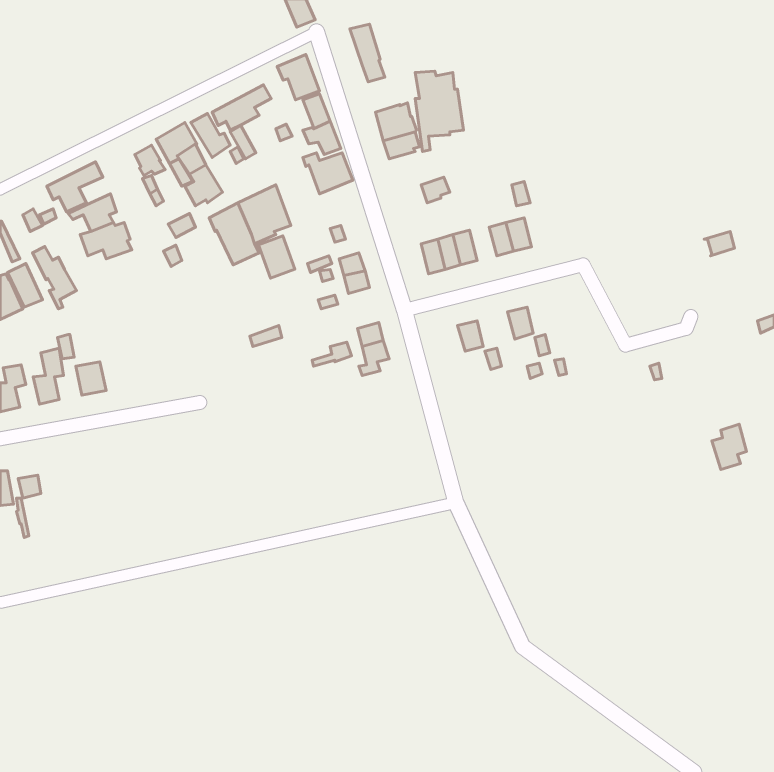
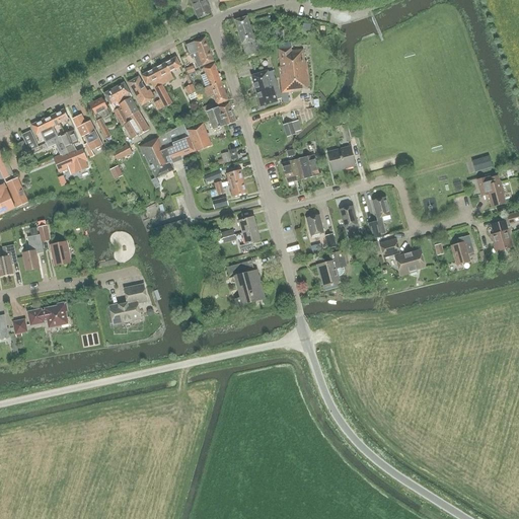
building: [259,236,295,278] -> [187,123,211,151]
building: [33,247,77,309] -> [73,115,102,156]
building: none -> [477,174,505,205]
building: none -> [368,197,390,238]
building: none -> [491,221,511,251]
building: none -> [380,239,425,275]
building: none -> [317,249,348,285]
building: none -> [226,261,265,305]
building: [712,424,747,470] -> [451,234,474,265]
building: none -> [110,285,146,323]
building: none -> [28,301,71,327]

